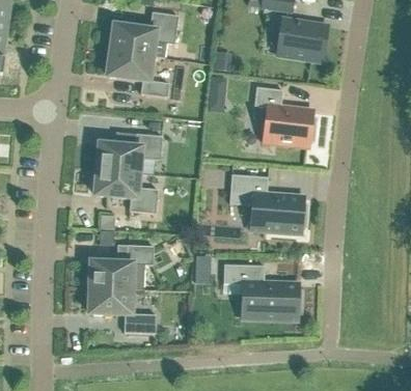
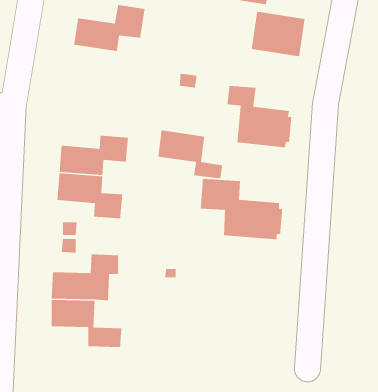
building: [107,49,168,95] -> [157,129,223,179]
building: [223,263,301,318] -> none

